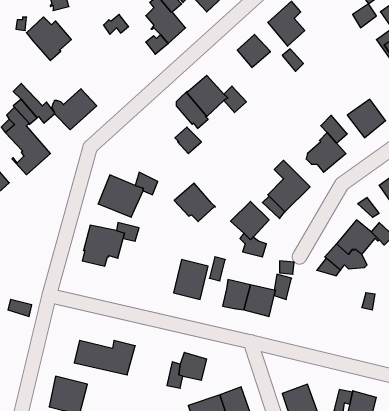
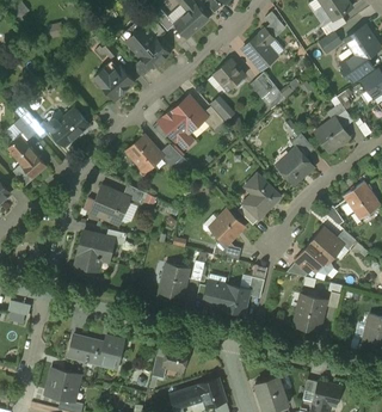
building: [26,17,71,61] -> [93,62,134,102]
building: [174,183,215,222] -> [125,135,162,170]
building: none -> [292,295,325,332]

